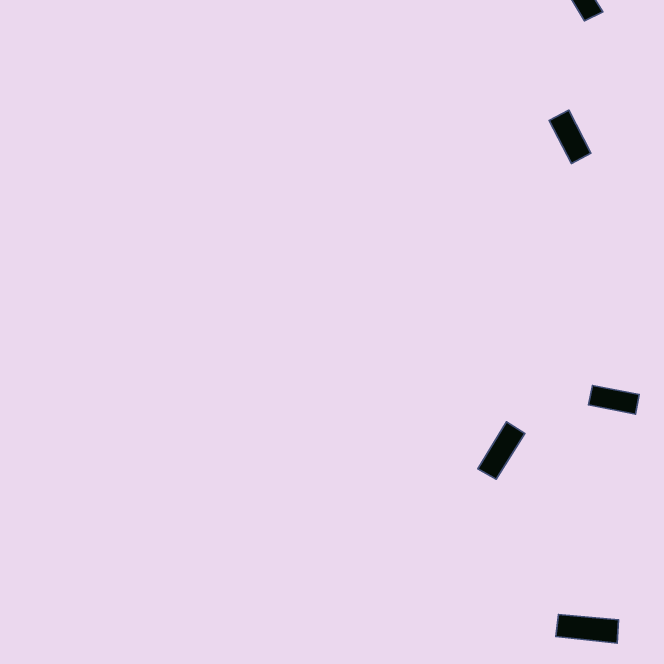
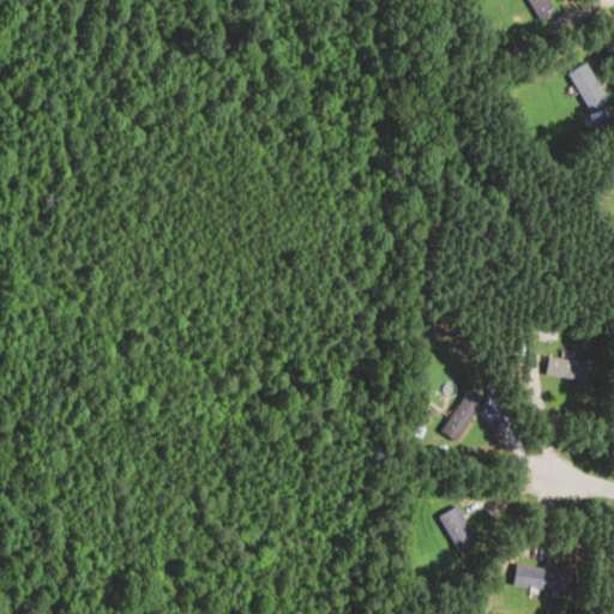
building: [549,110,591,164] -> [570,61,608,110]
building: none -> [439,506,476,552]

